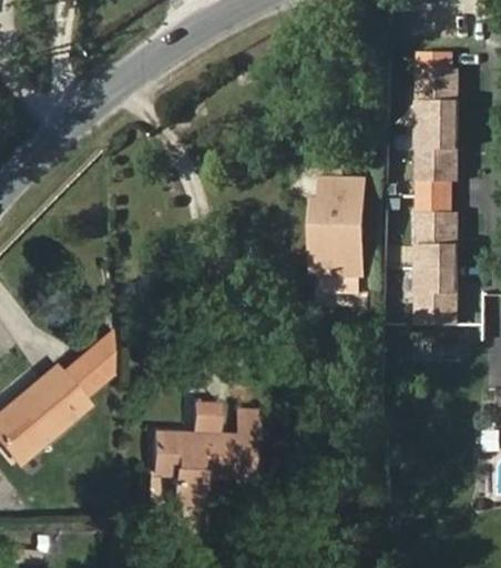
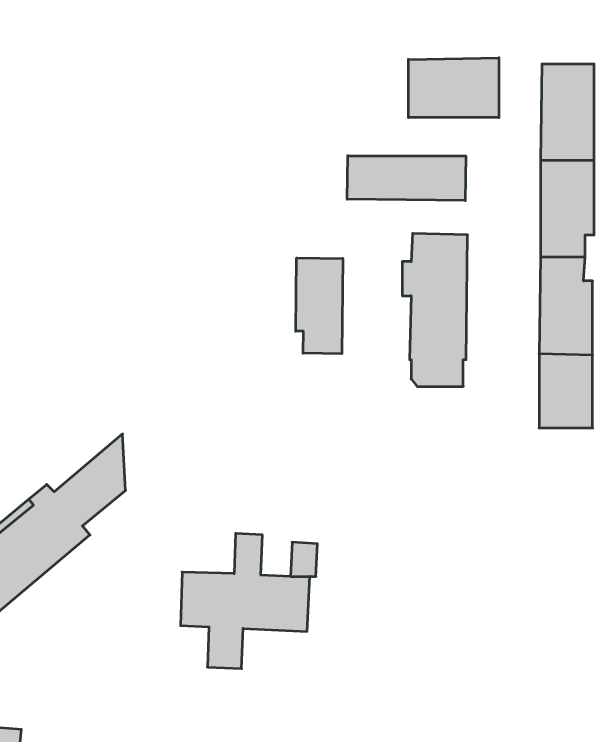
building: none -> [408,58,499,118]
building: none -> [347,156,466,201]
building: none -> [296,258,343,354]

